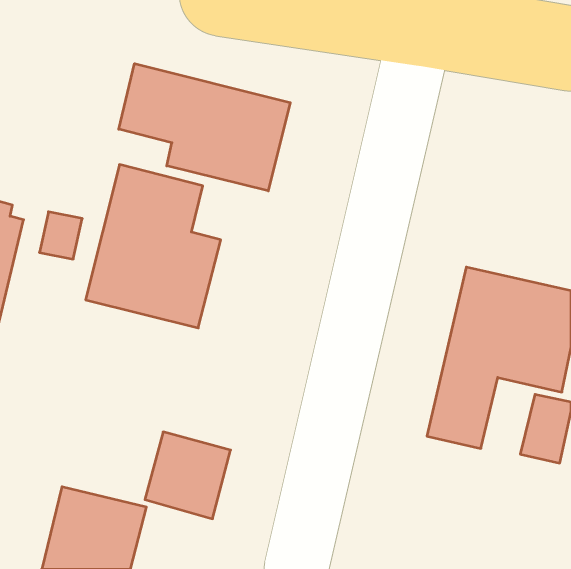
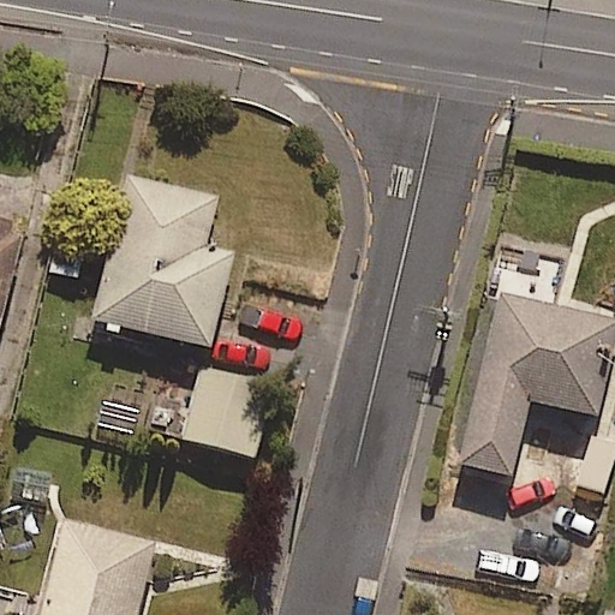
building: [119,64,290,191] -> none
building: [145,432,231,519] -> [181,365,273,458]

